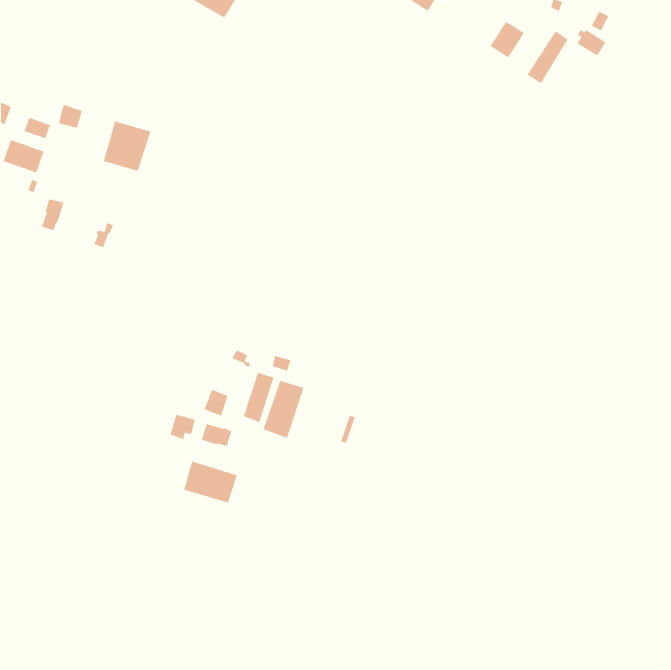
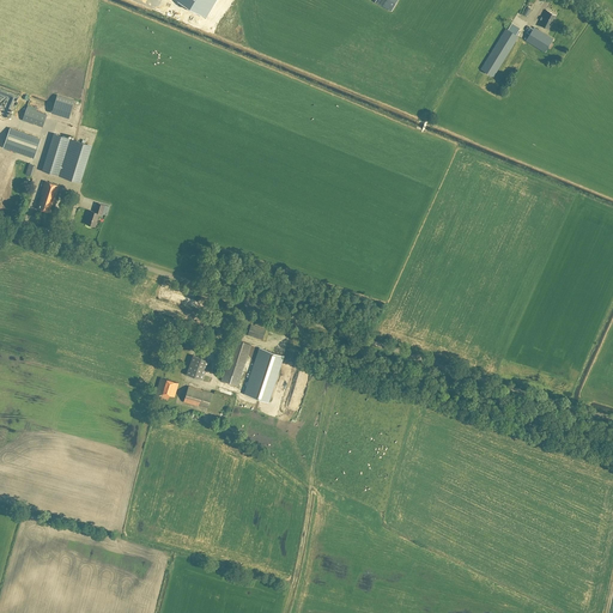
building: [489,21,525,58] -> none
building: [103,121,151,172] -> [42,133,86,180]
building: [183,461,238,504] -> none

